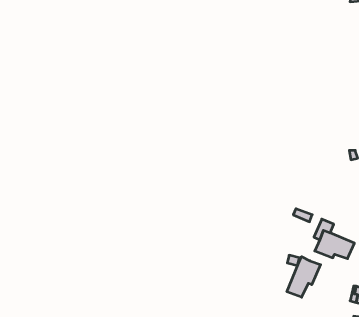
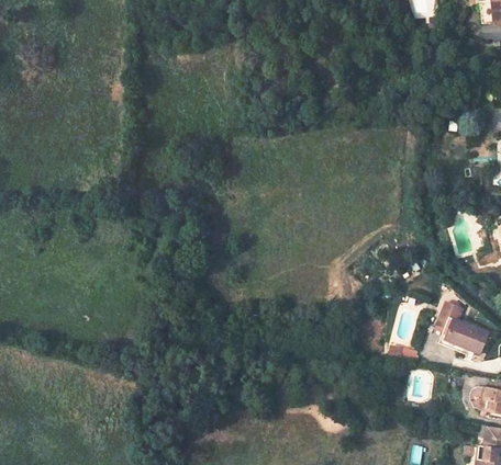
building: [287,257,321,297] -> none

